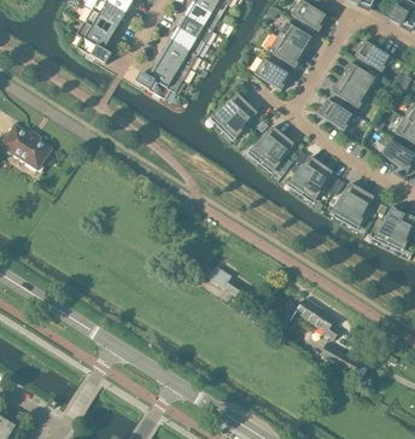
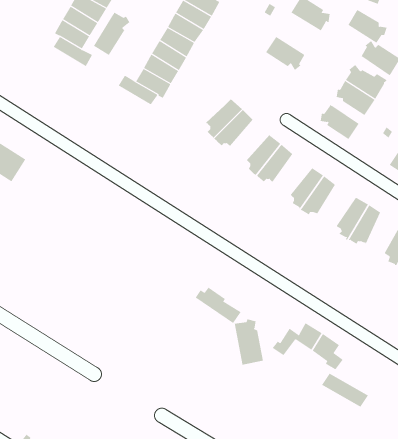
building: none -> [93,12,130,56]
building: [277,22,314,53] -> [348,9,387,44]
building: [253,58,291,89] -> none
building: none -> [234,319,263,365]

